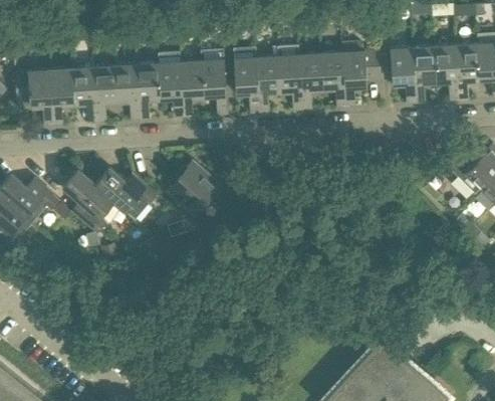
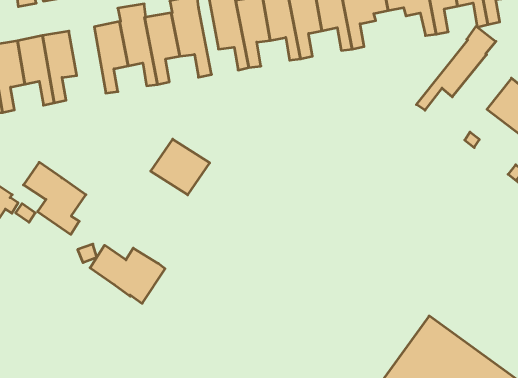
building: [115,64,140,121] -> none
building: none -> [416,26,496,110]
building: [95,168,157,219] -> [90,245,165,303]

